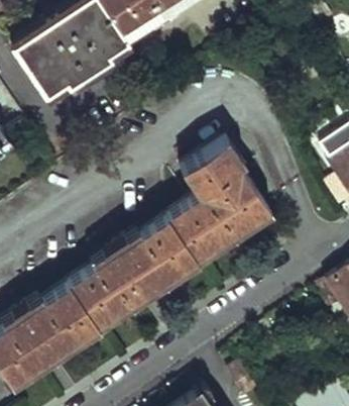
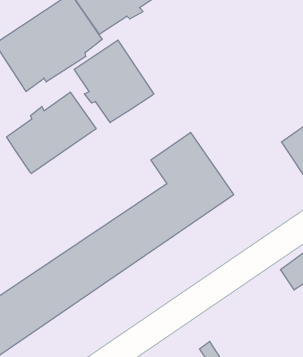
building: none -> [74,40,154,123]
building: none -> [7,92,96,174]

